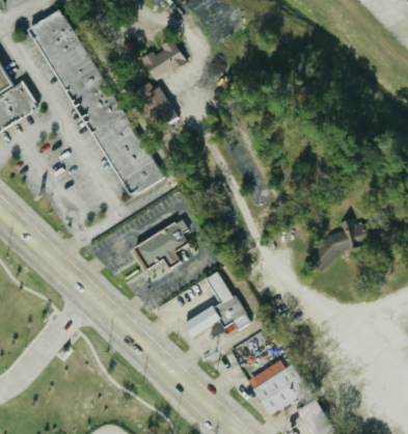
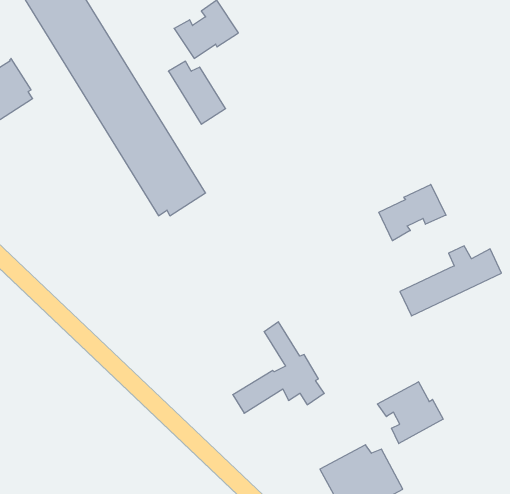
building: none -> [379,184,446,241]
building: [135,218,188,267] -> none
building: none -> [377,382,443,444]

